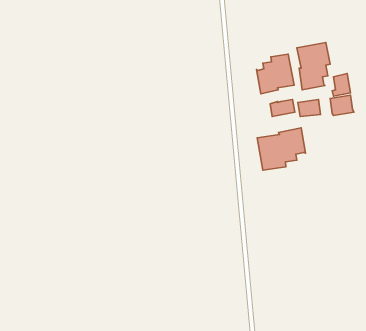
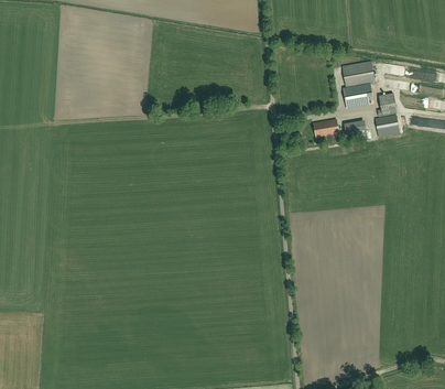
building: [257,54,294,94] -> none
building: [257,128,305,170] -> none

